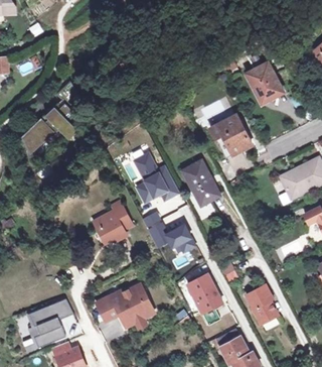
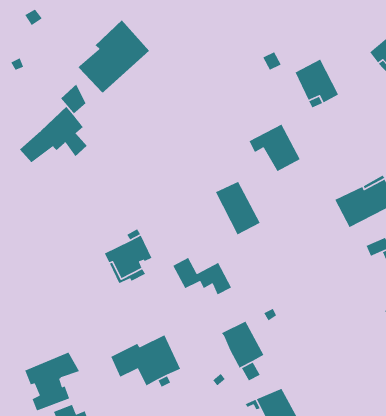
building: none -> [77,19,150,94]
building: [134,155,179,203] -> none
building: [246,284,279,325] -> none

